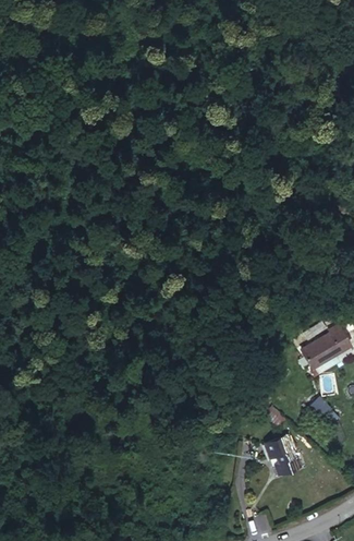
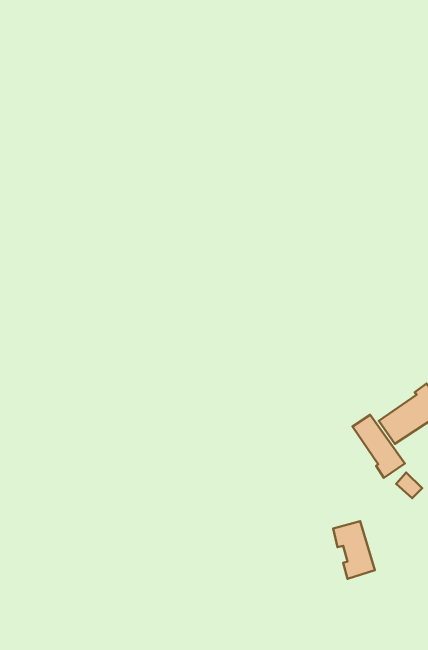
building: none -> [353,415,405,478]

